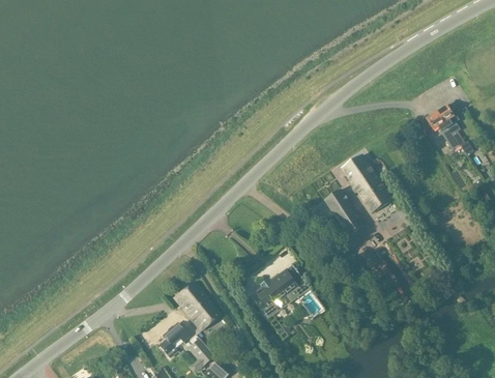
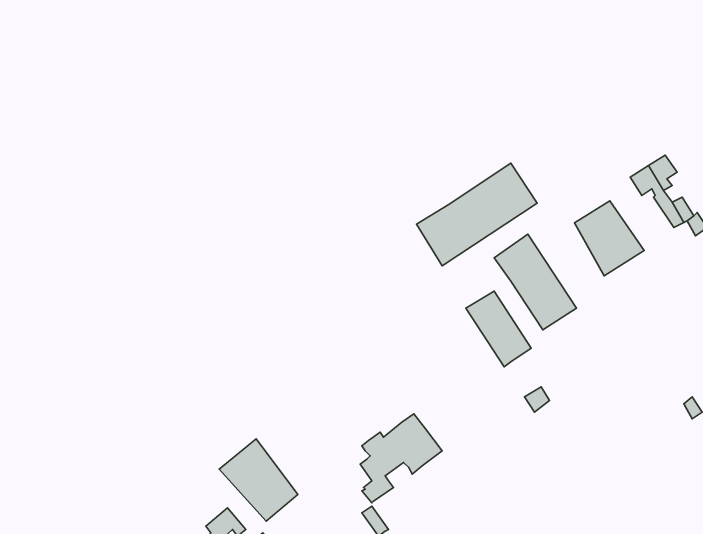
building: none -> [417,163,537,266]
building: none -> [574,201,644,276]

